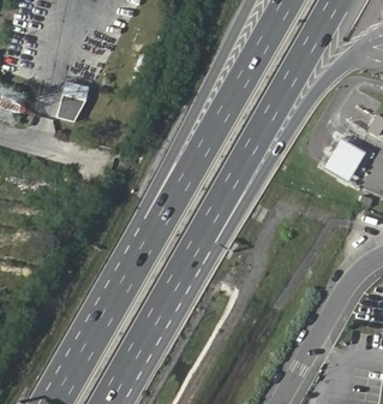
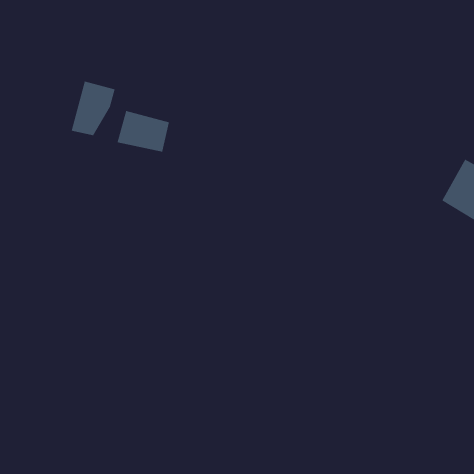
building: none -> [117,110,170,152]

